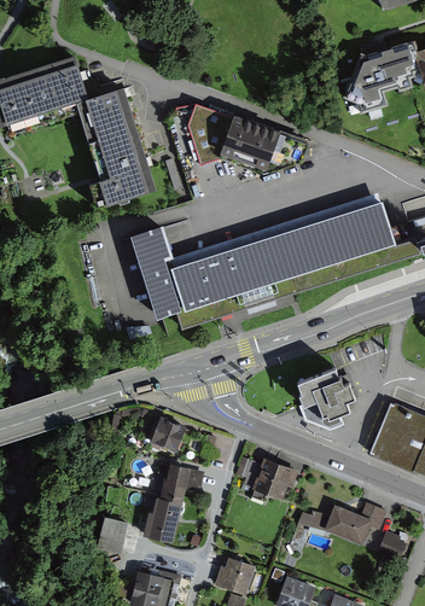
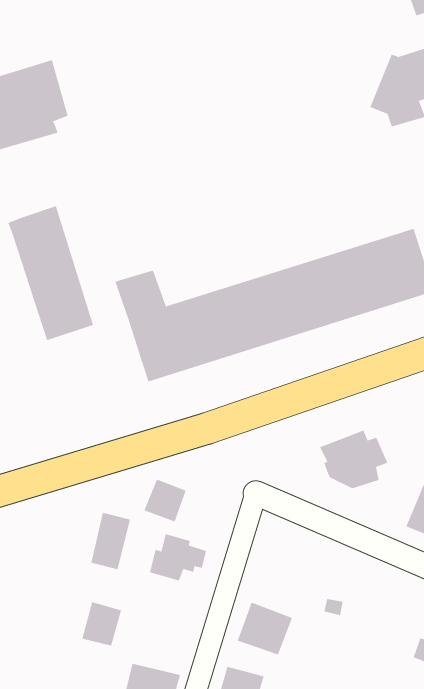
building: [77,92,150,205] -> [7,205,94,341]
building: [190,103,281,169] -> none
building: [249,464,296,508] -> [237,602,293,655]
building: [149,488,182,536] -> [91,512,131,570]
building: [322,509,371,550] -> none

